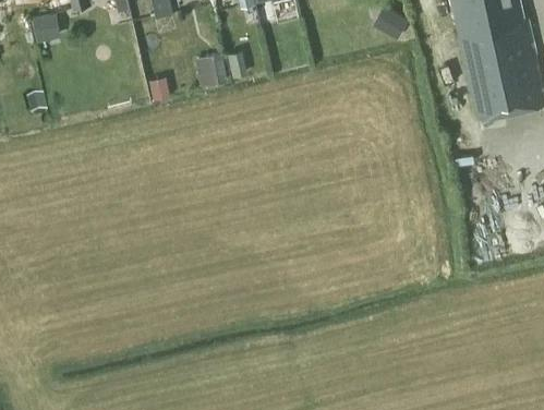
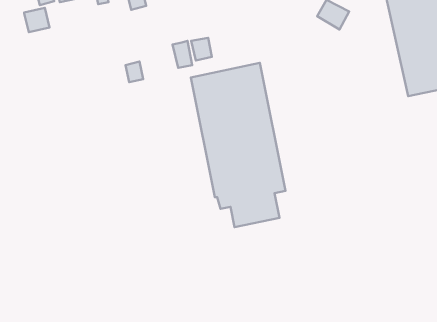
building: none -> [191,63,285,227]

